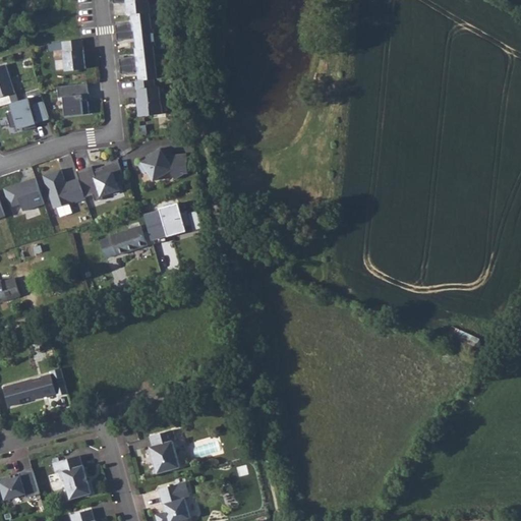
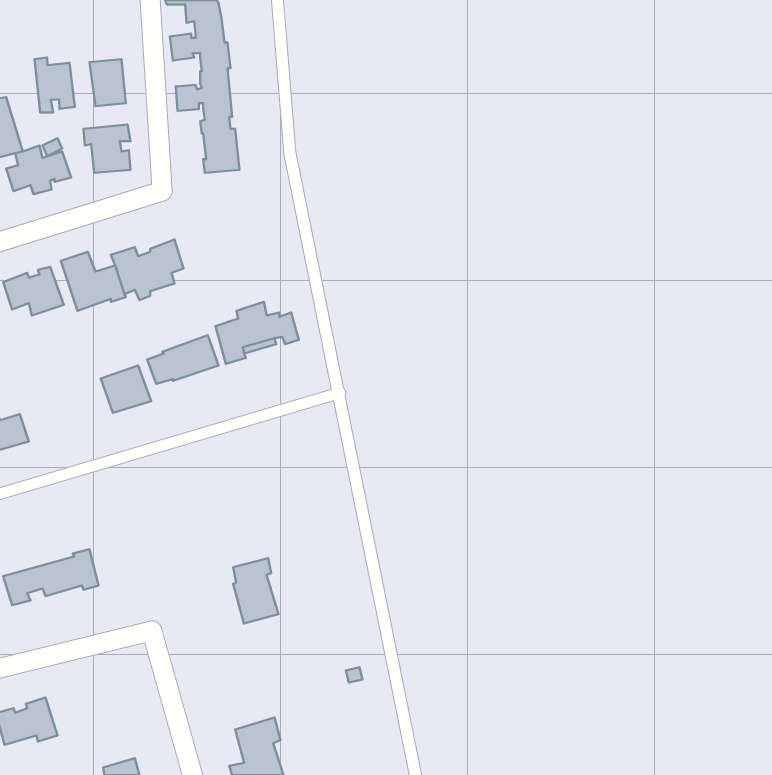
building: none -> [35,58,75,113]
building: [137,149,187,181] -> none
building: none -> [101,365,151,413]
building: [149,429,179,473] -> [233,558,279,623]
building: [51,455,90,499] -> none

